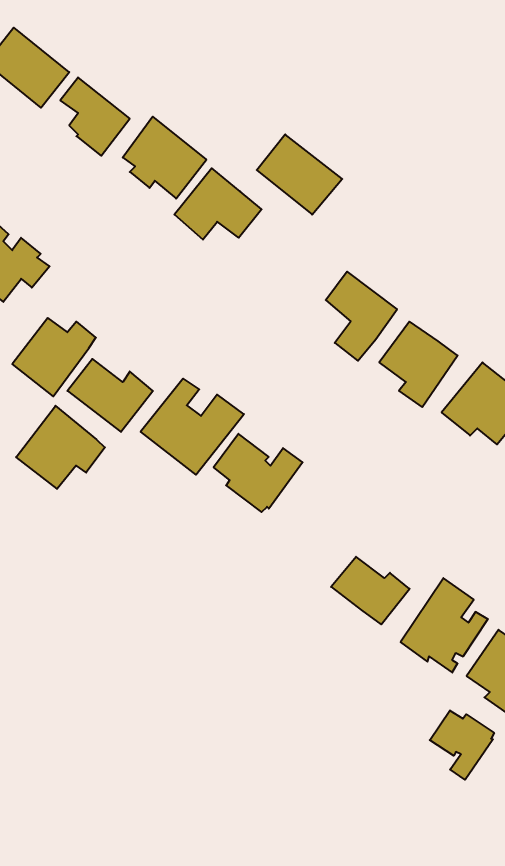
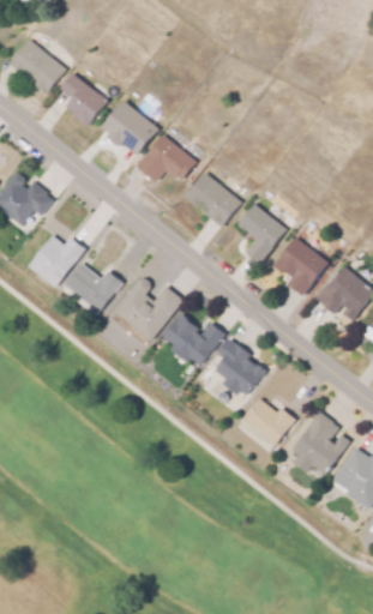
building: [257,134,342,215] -> [185,171,242,225]
building: [16,406,105,489] -> none
building: none -> [215,338,264,392]
building: [430,710,494,780] -> none

